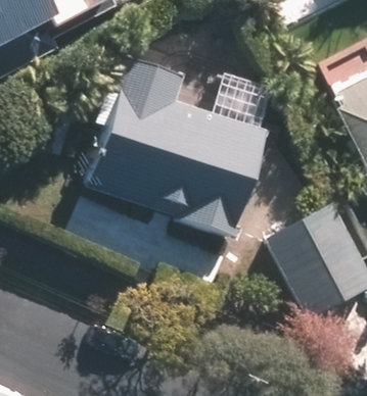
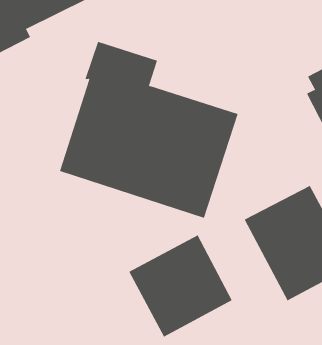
building: none -> [129,235,232,338]

